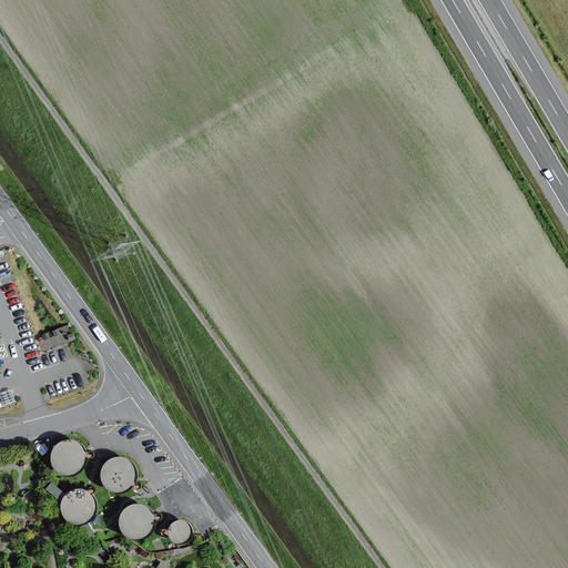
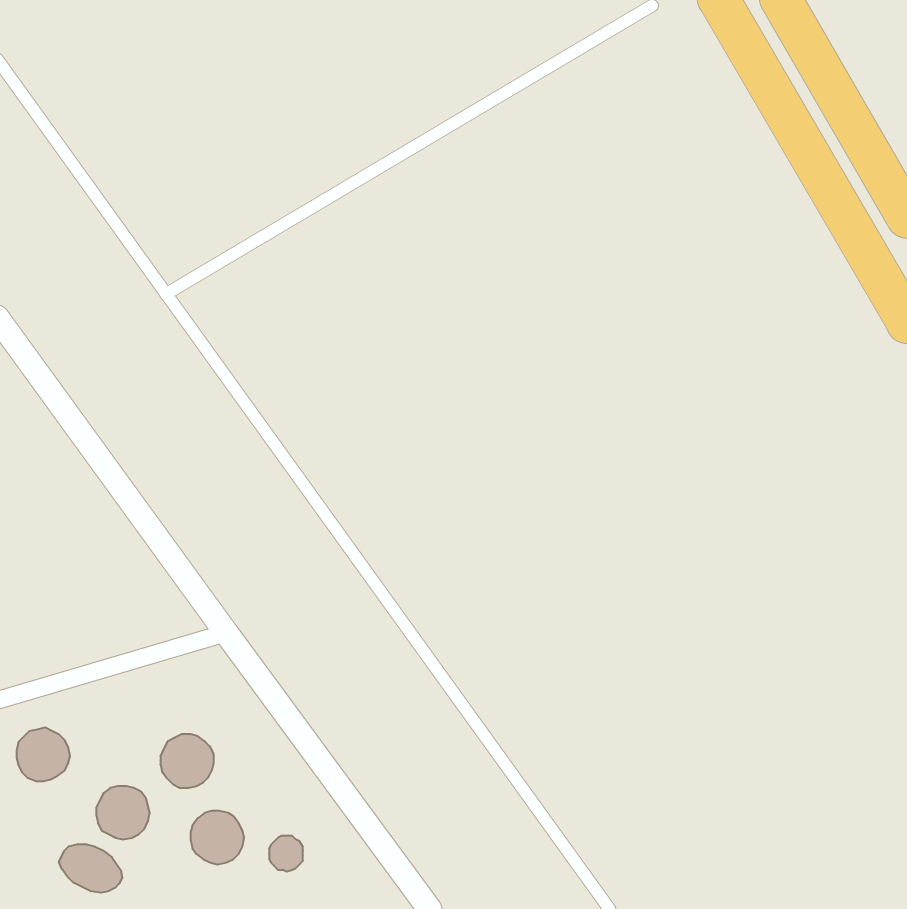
building: [51,439,84,473] -> [17,728,70,781]
building: none -> [59,844,122,893]

